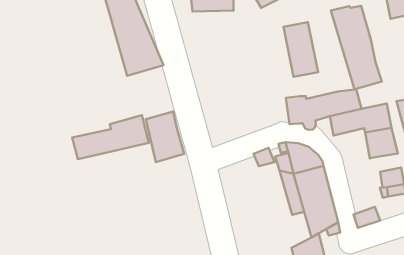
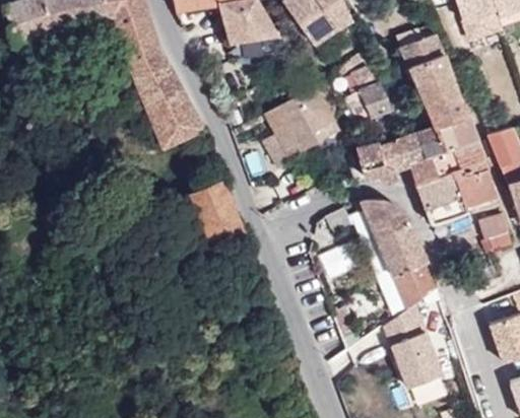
building: none -> [262,84,335,168]
building: none -> [438,113,476,148]
building: [72,115,149,159] -> none
building: none -> [417,170,469,224]

